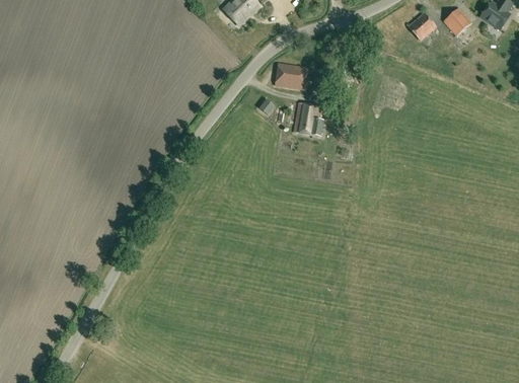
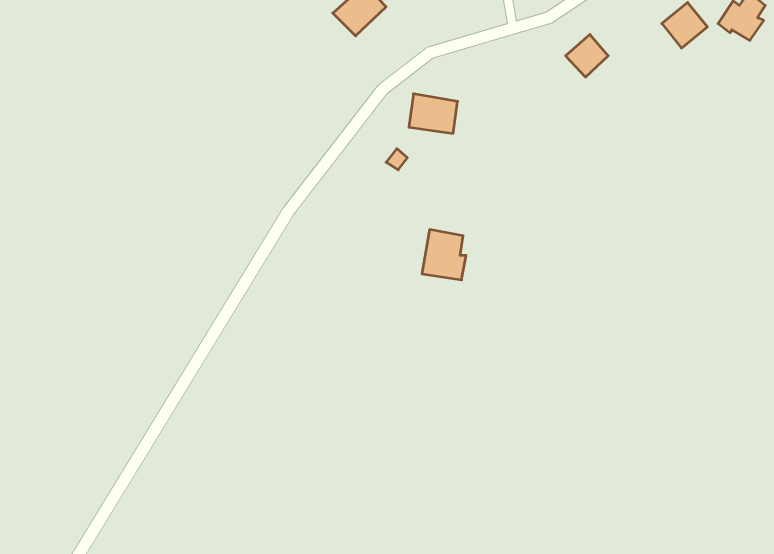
building: [407,12,436,41] -> [566,34,608,77]
building: [294,102,323,136] -> [422,230,466,280]

